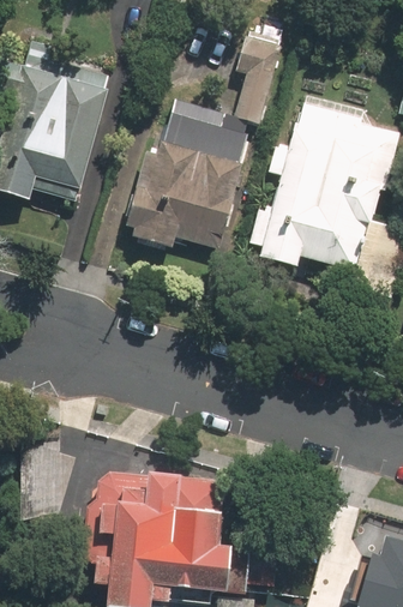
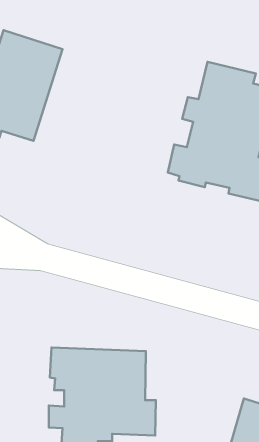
building: [126,31,278,248] -> none

